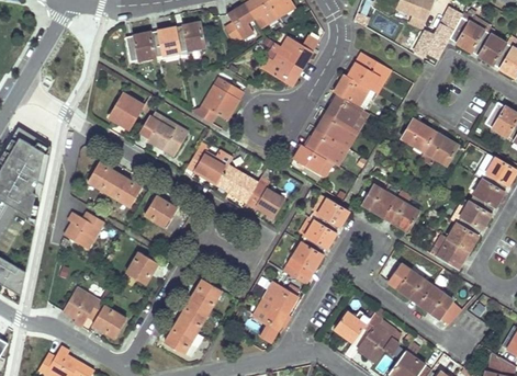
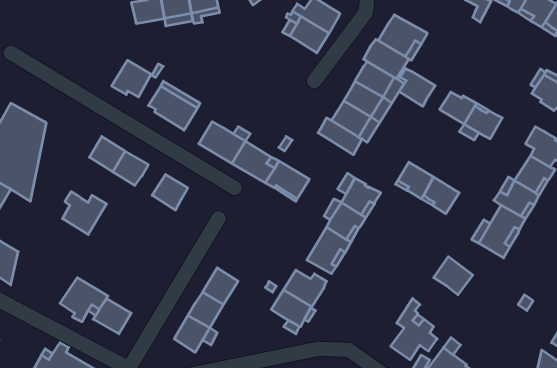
building: [192,81,244,123] -> none
building: none -> [399,68,435,106]
building: [126,251,158,284] -> none
building: [418,285,452,318] -> none
building: [334,311,366,342] -> none

